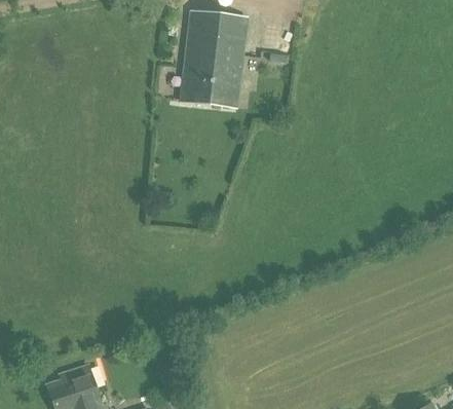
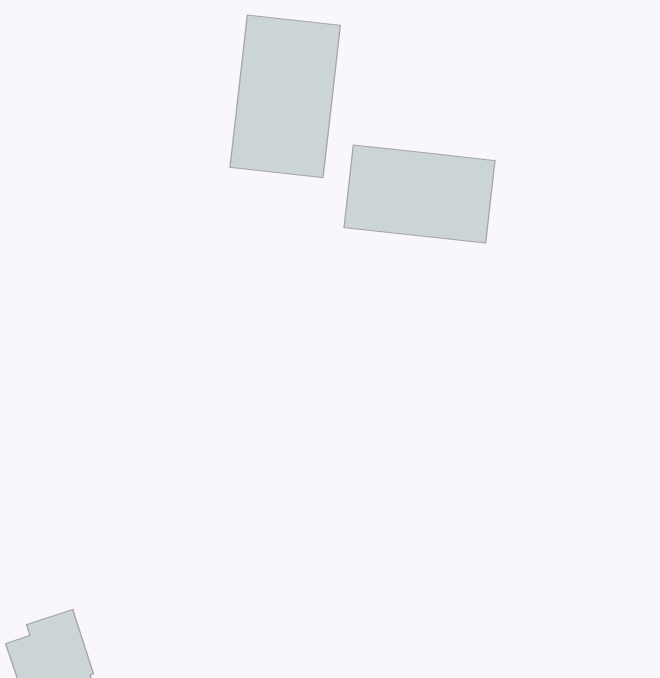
building: none -> [344,145,495,243]

